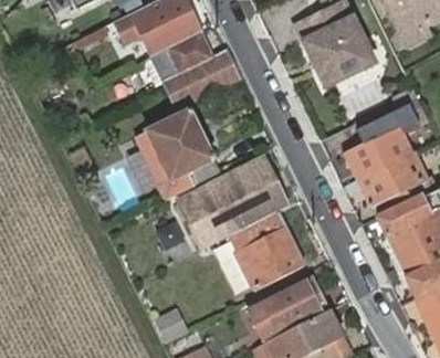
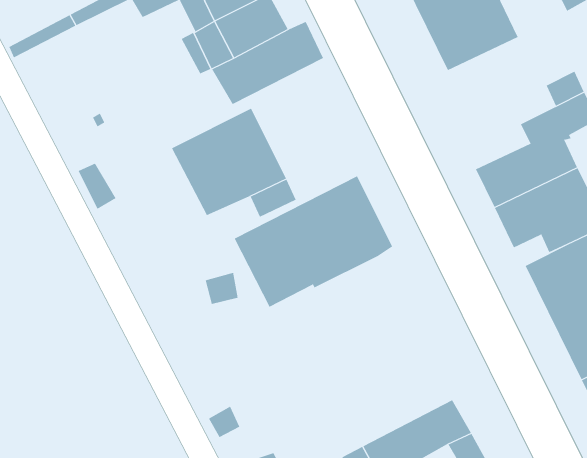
building: [233,211,304,288] -> none
building: [248,275,326,338] -> none

